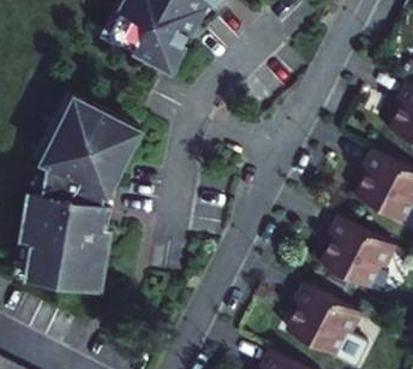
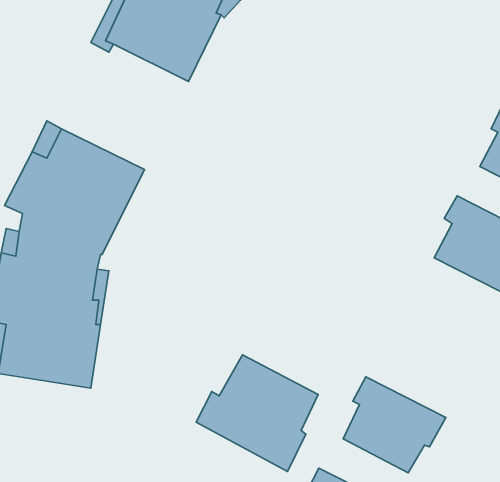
building: [321,216,396,288] -> none
building: none -> [196,355,318,472]

